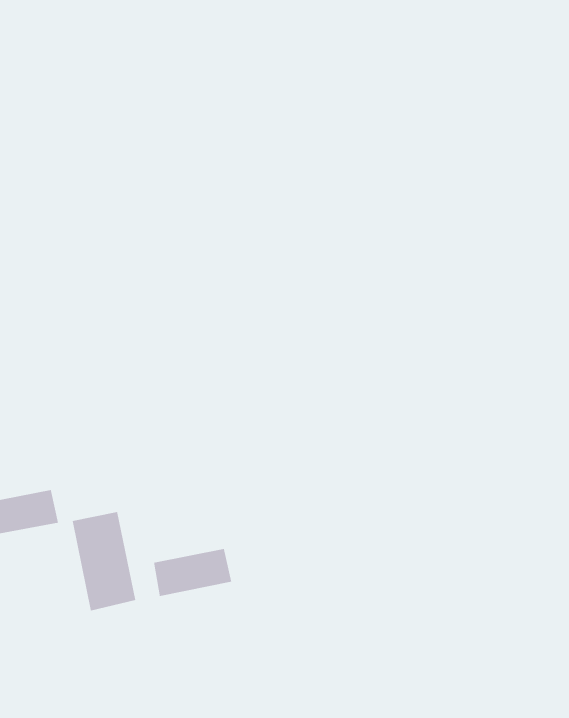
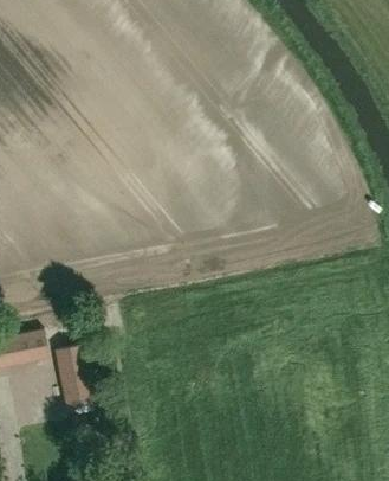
building: [154,548,232,597] -> none

